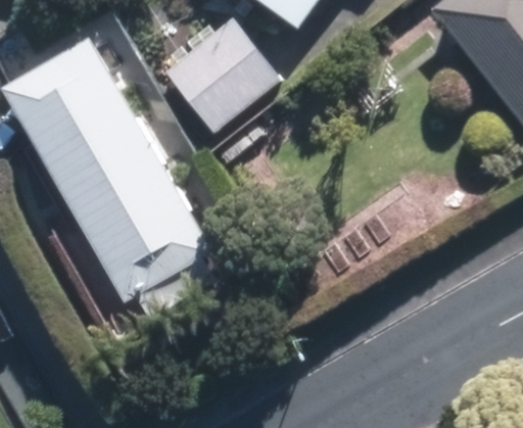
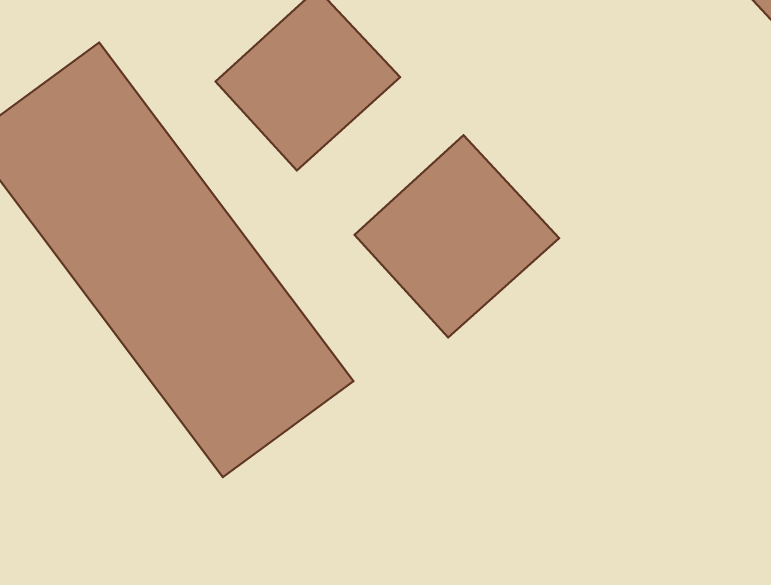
building: none -> [354,135,559,338]

